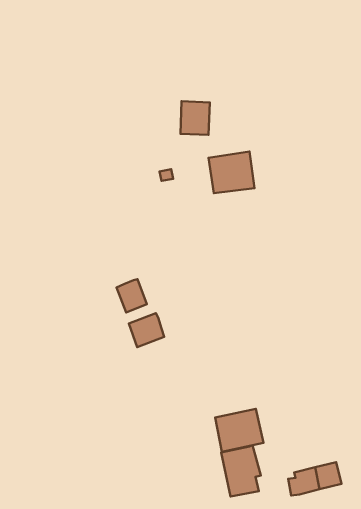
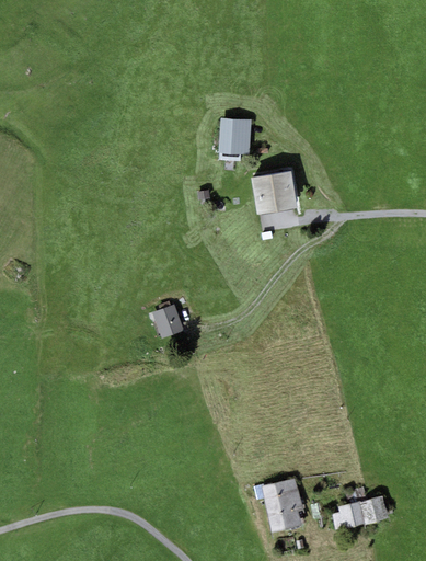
building: [129,313,164,347] -> none
building: [215,409,264,452] -> none

